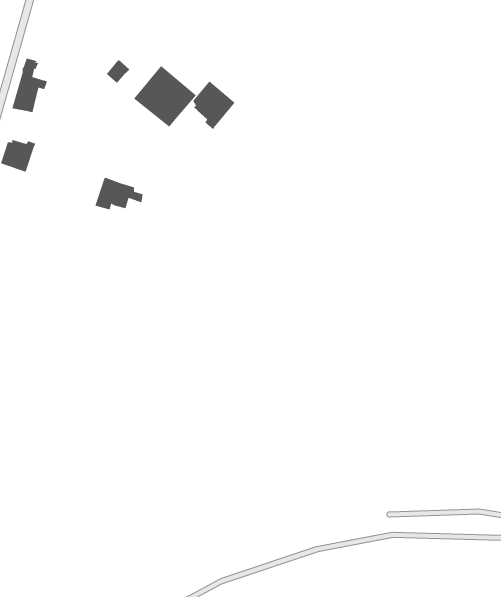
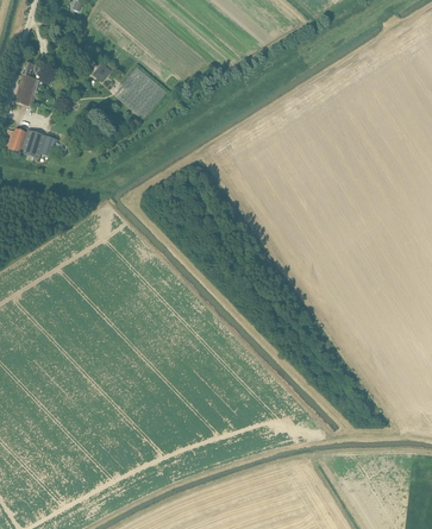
building: [192,81,235,130] -> none
building: [94,177,144,210] -> [26,131,67,158]

